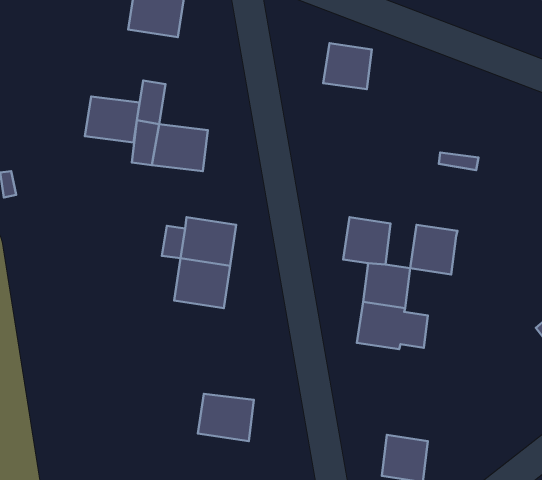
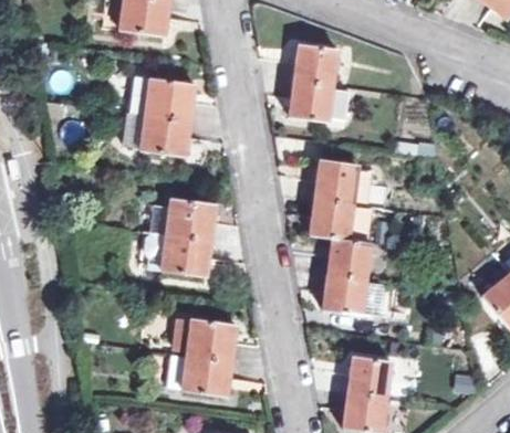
building: none -> [289,78,332,122]
building: [85,96,140,142] -> [147,80,196,120]
building: [410,225,458,274] -> [316,159,358,203]
building: none -> [187,319,237,360]
building: none -> [350,356,392,397]

